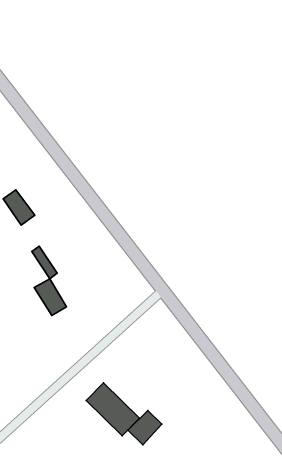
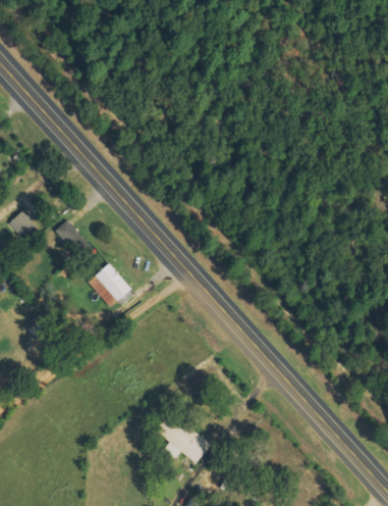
building: [34,279,66,316] -> [96,264,130,302]
building: [128,411,162,445] -> none

